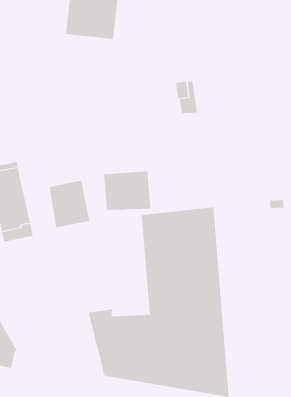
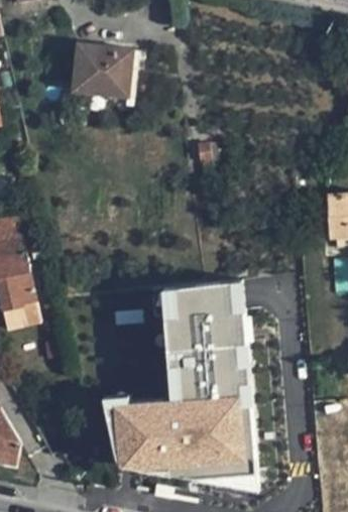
building: [103,170,151,211] -> none
building: [49,180,90,228] -> none

